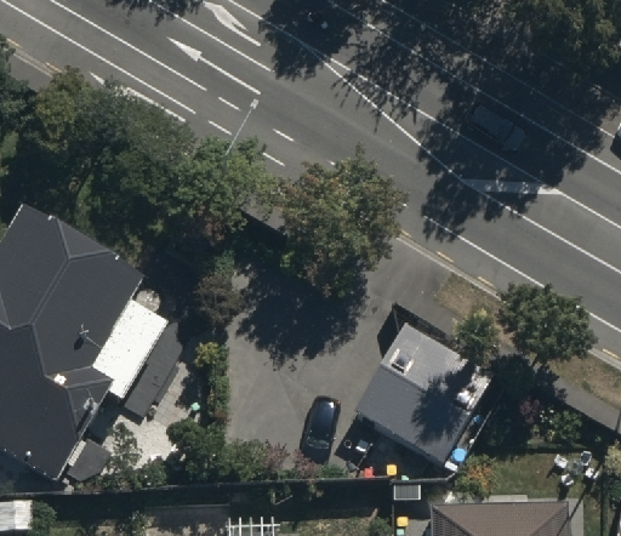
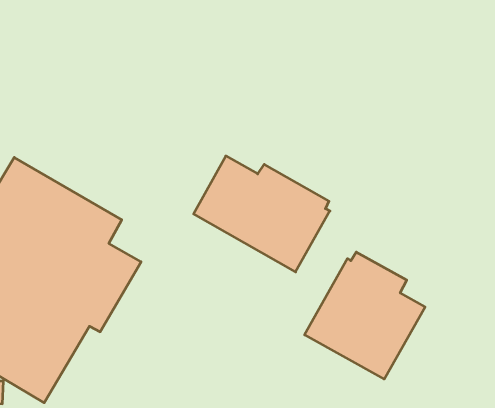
building: none -> [194,156,330,272]

